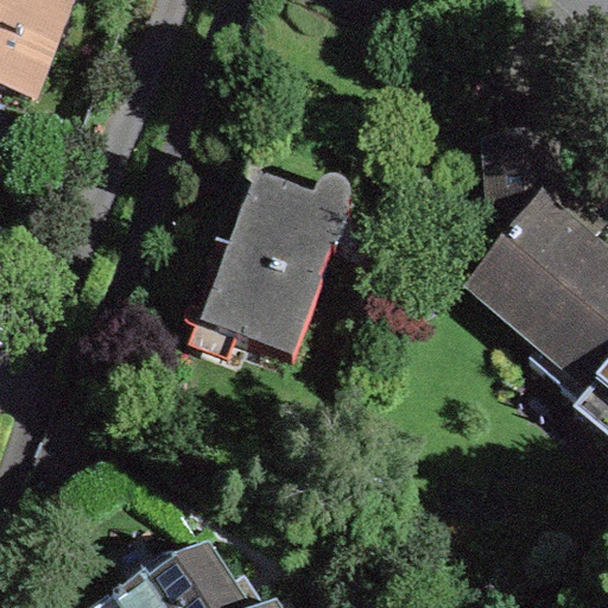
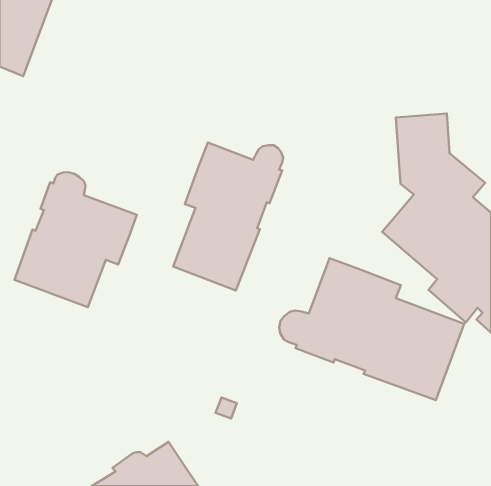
building: none -> [14,172,137,307]
building: none -> [279,258,464,400]

